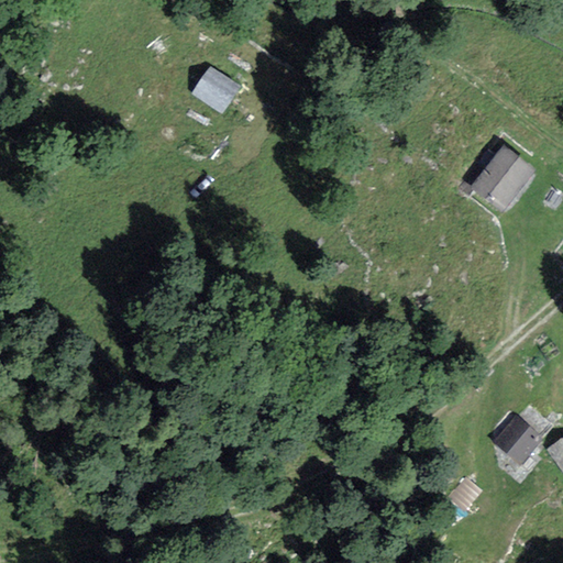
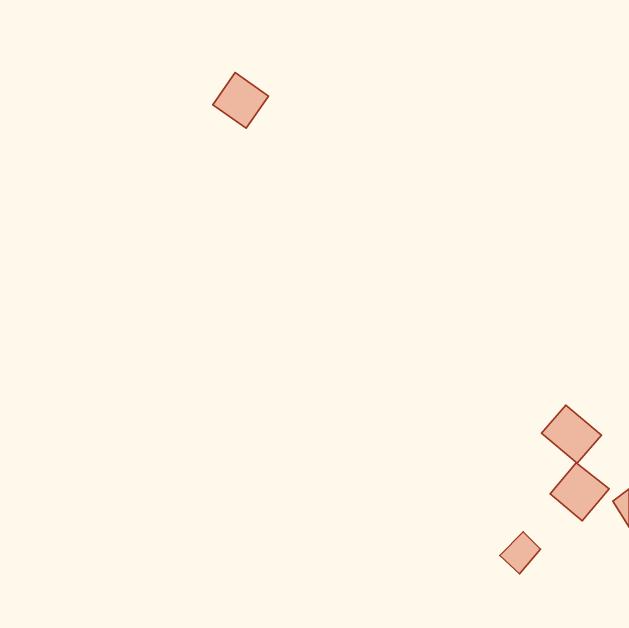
building: [471,145,534,211] -> none
building: none -> [542,405,601,463]

